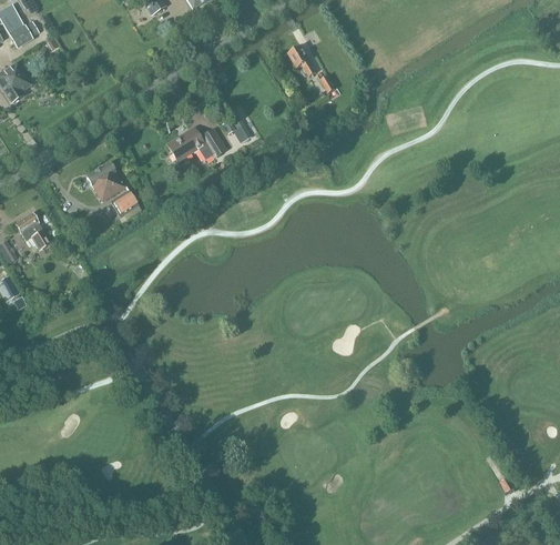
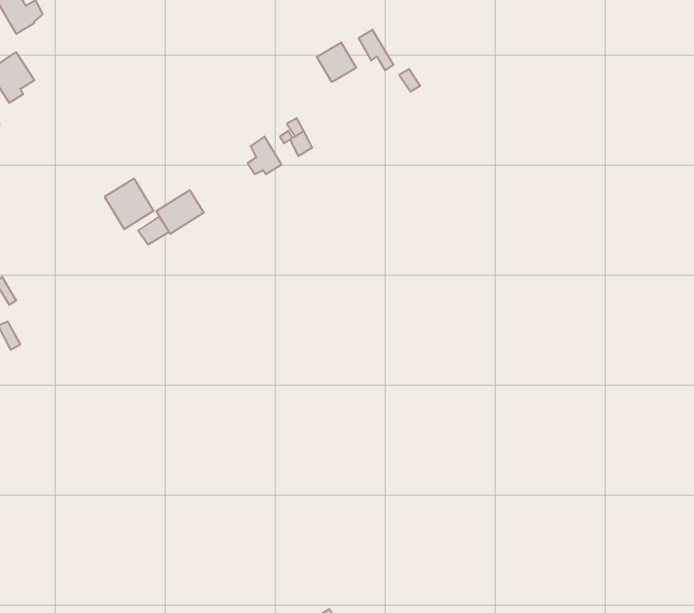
building: none -> [317,42,356,82]
building: [165,128,203,162] -> [156,190,204,234]
building: [13,213,50,252] -> none

